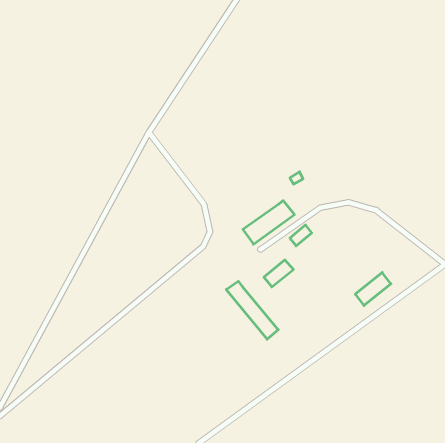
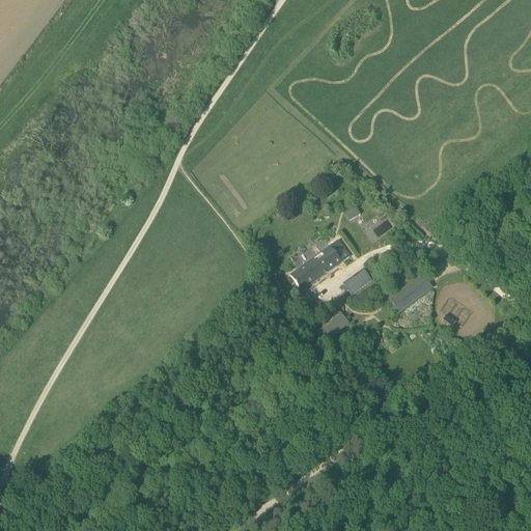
building: [355,272,391,306] -> [390,272,432,311]
building: [226,281,278,339] -> none

